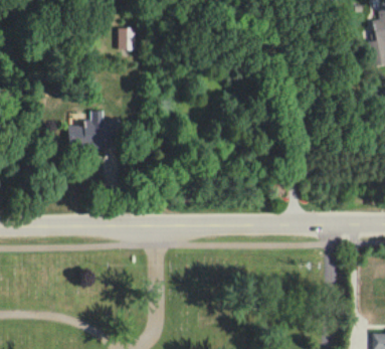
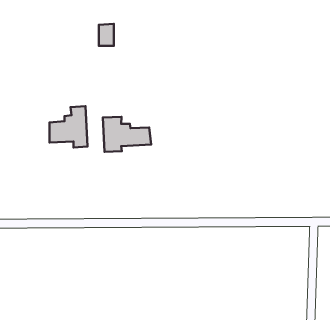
building: none -> [103,117,151,152]

